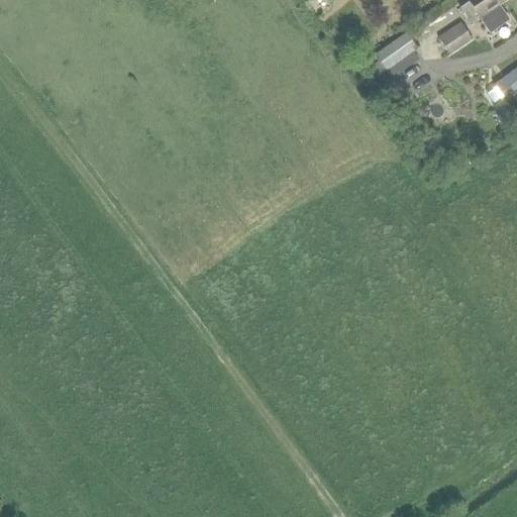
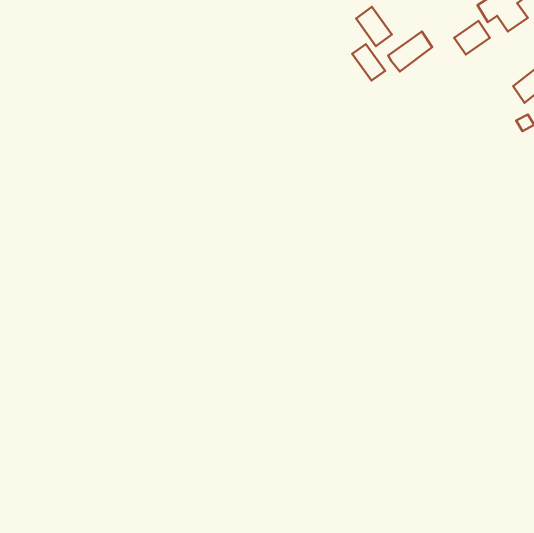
building: none -> [356,7,392,46]
building: none -> [352,44,385,81]

